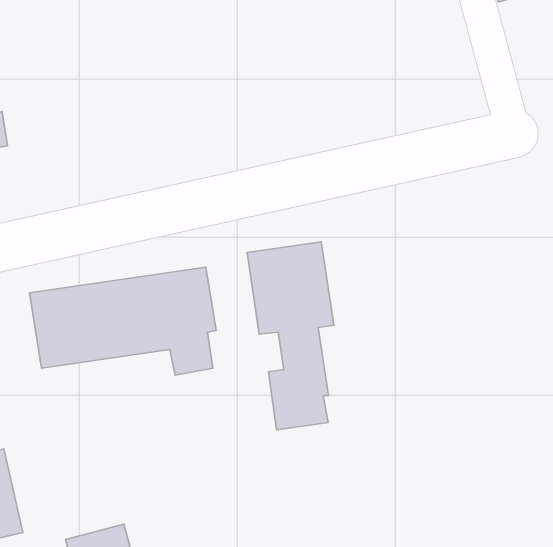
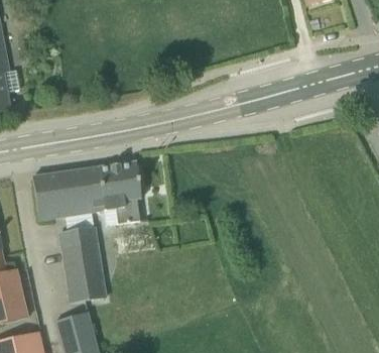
building: [247,242,334,430] -> none
building: none -> [57,225,107,302]

